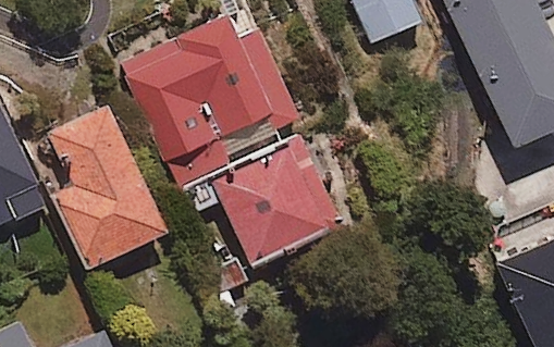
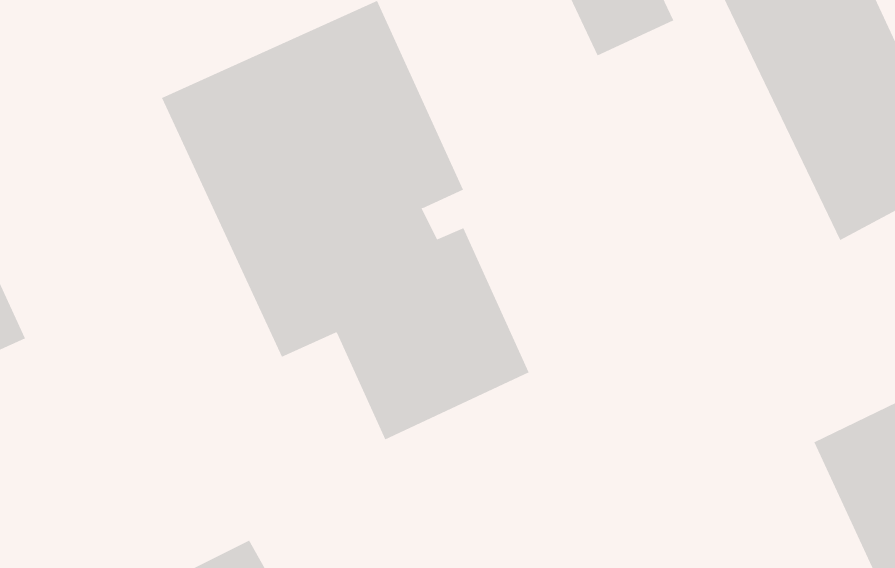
building: [48,106,162,269] -> none

